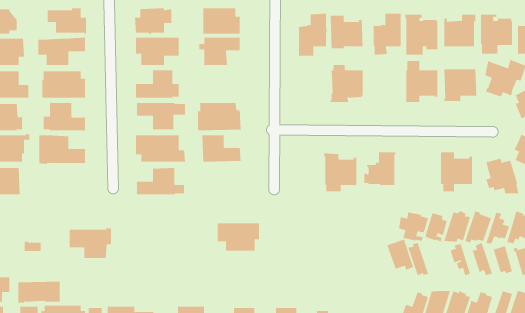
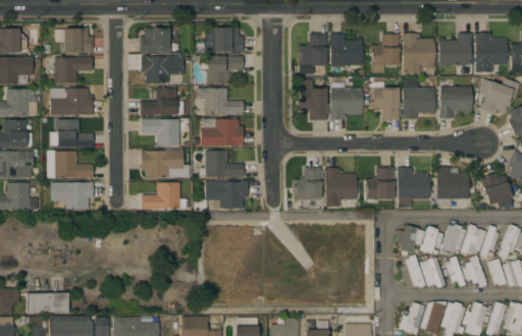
building: none -> [299,79,327,120]
building: none -> [371,81,399,120]
building: none -> [198,88,244,114]
building: none -> [292,167,321,200]
building: none -> [397,168,428,208]
building: [217,223,260,251] -> [205,181,247,209]
building: [69,228,112,258] -> [51,181,93,211]
building: [387,239,414,270] -> [419,257,446,287]

